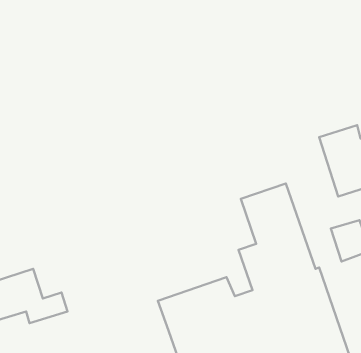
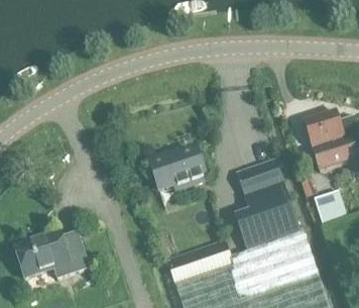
building: none -> [148,147,208,193]

